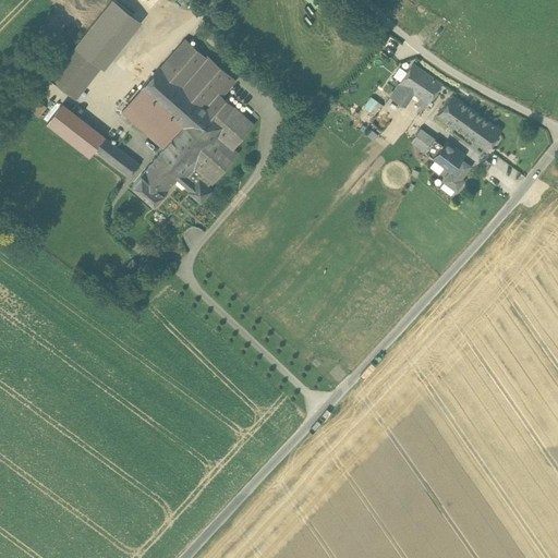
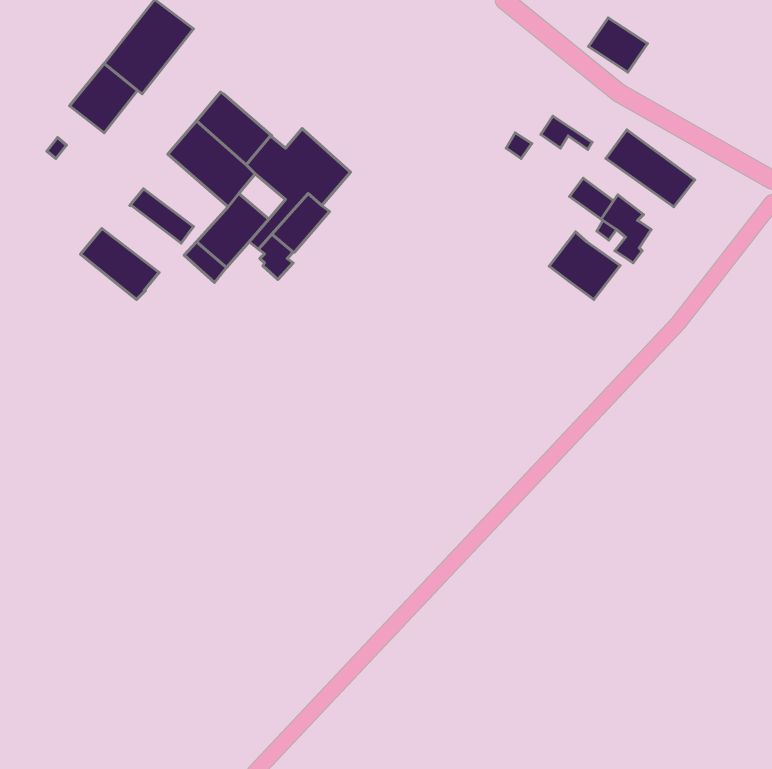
building: [161,41,232,109] -> none
building: [399,65,441,105] -> [588,18,647,72]
building: [48,106,105,157] -> [81,229,159,300]
building: [172,128,206,160] -> none
building: none -> [549,232,620,300]

